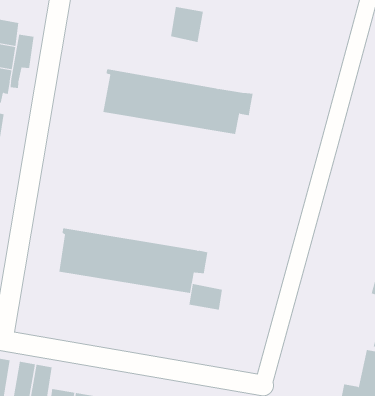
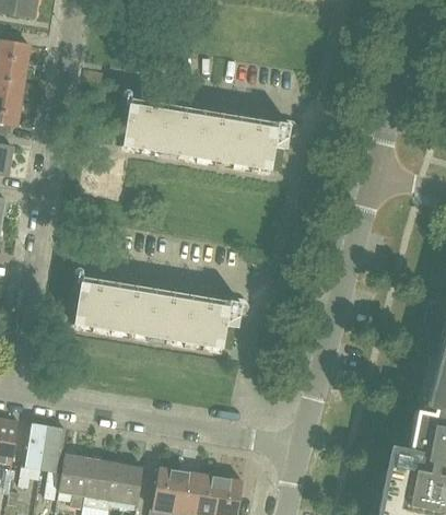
building: [170,6,203,43] -> none
building: [10,34,34,89] -> none
building: [189,283,223,310] -> none

